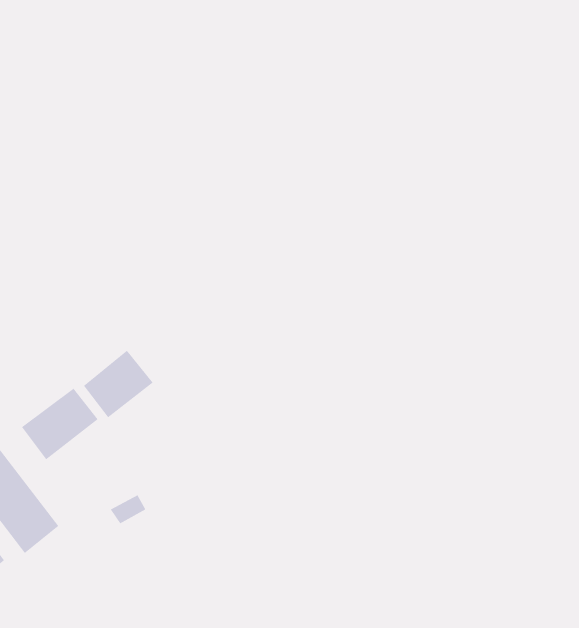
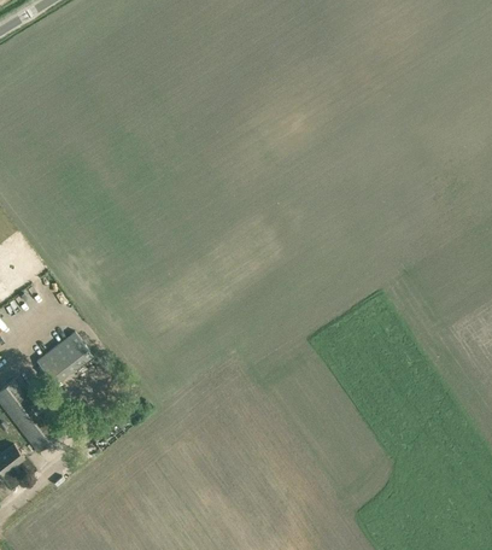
building: [83,350,153,418] -> none

